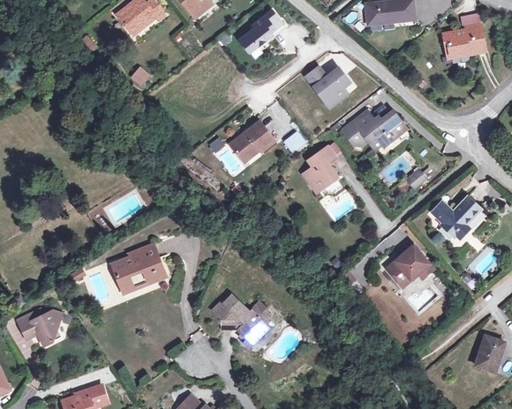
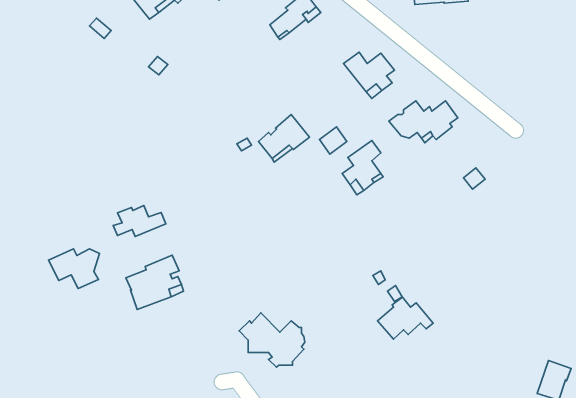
building: [442,24,486,54] -> none
building: [433,196,481,238] -> none
building: none -> [113,205,166,237]
building: [386,249,435,286] -> [378,297,433,339]
building: [17,309,62,344] -> [49,249,100,289]

